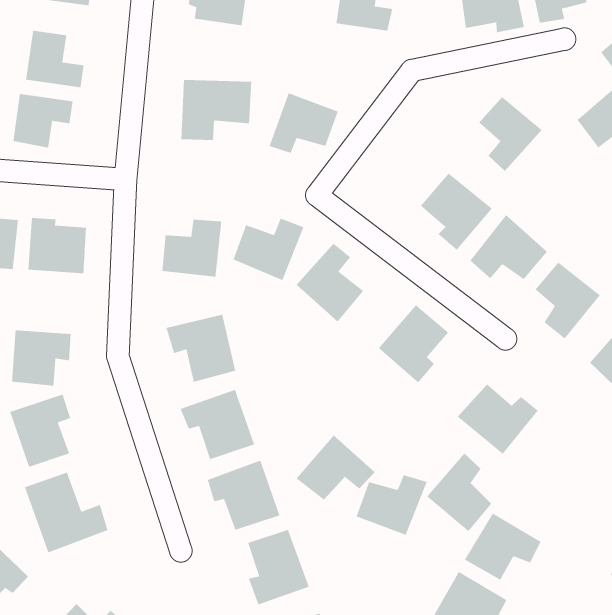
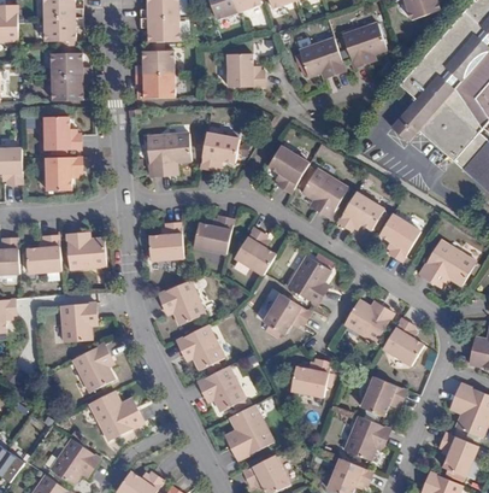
building: [478,96,543,172] -> [270,145,310,190]
building: [295,435,375,500] -> [259,292,307,333]
building: [426,452,492,532] -> [382,316,423,364]

